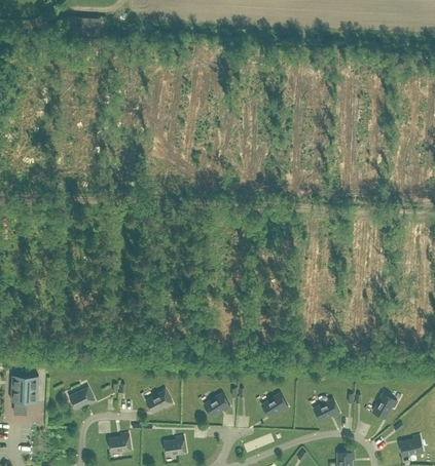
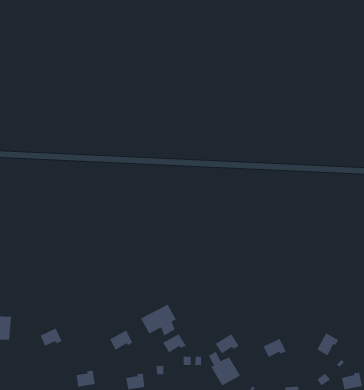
building: none -> [140,304,177,336]
building: none -> [208,351,241,386]

